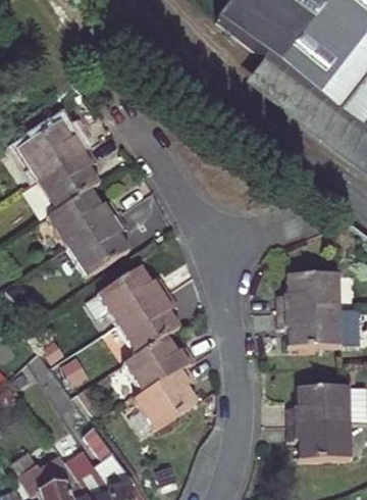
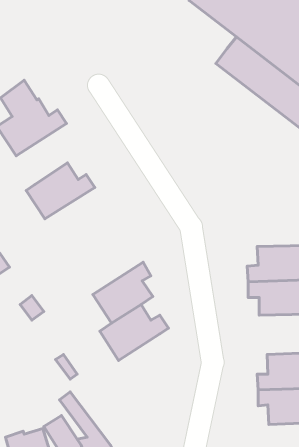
building: [38,146,100,209] -> none
building: [67,212,129,276] -> none
building: [98,265,169,323] -> none
building: [135,364,197,429] -> none

